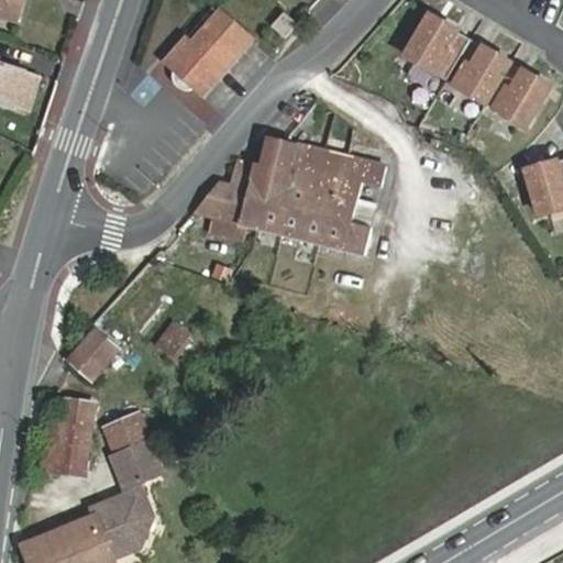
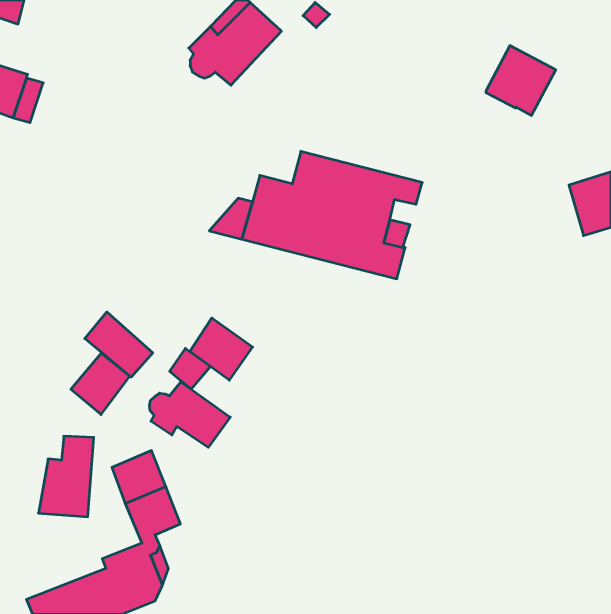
building: [402,20,466,84] -> none
building: [486,64,549,128] -> none
building: none -> [85,312,153,377]
building: none -> [190,318,253,380]
building: none -> [149,382,230,447]

